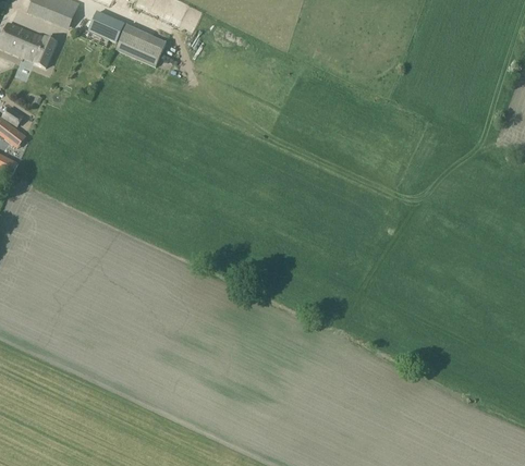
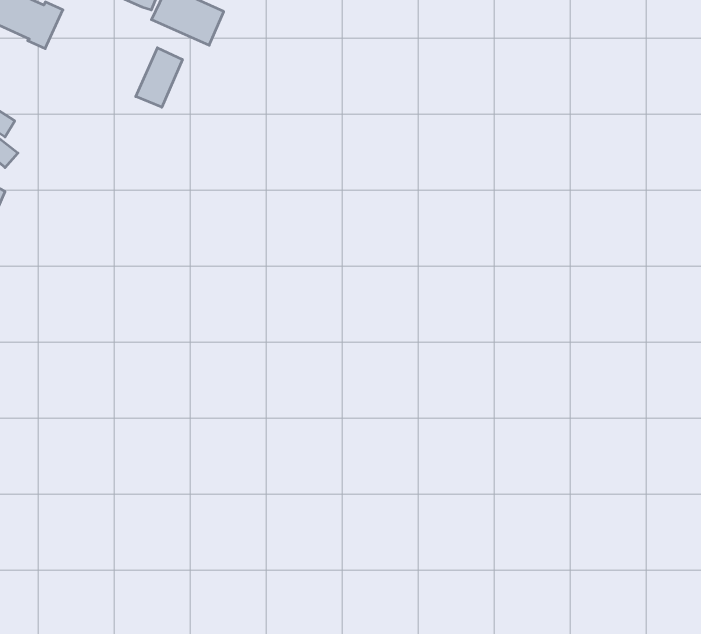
building: none -> [136,48,182,107]

